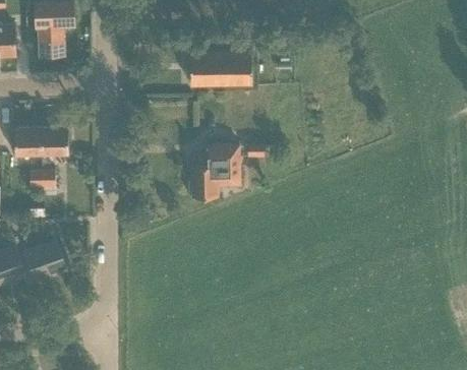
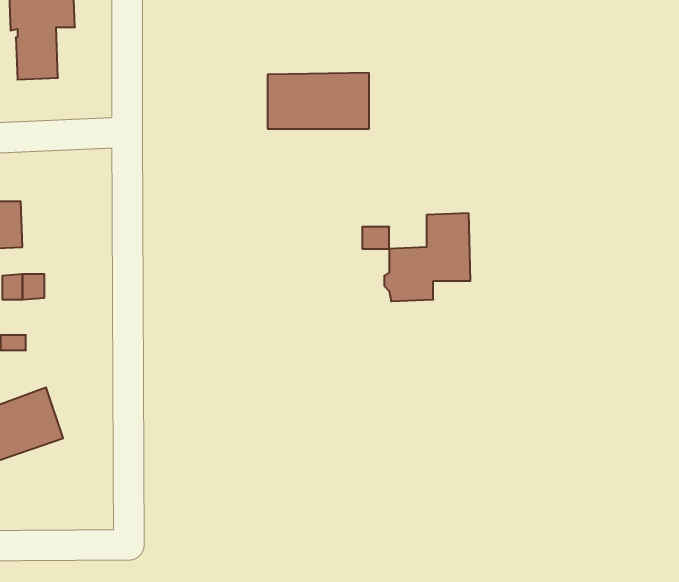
building: [41,128,68,157] -> none
building: [188,145,240,198] -> [384,213,470,301]

